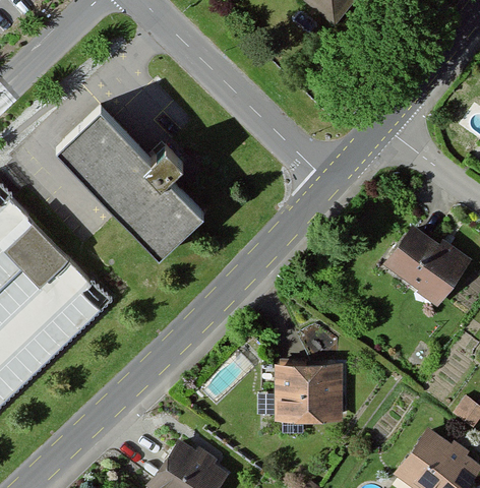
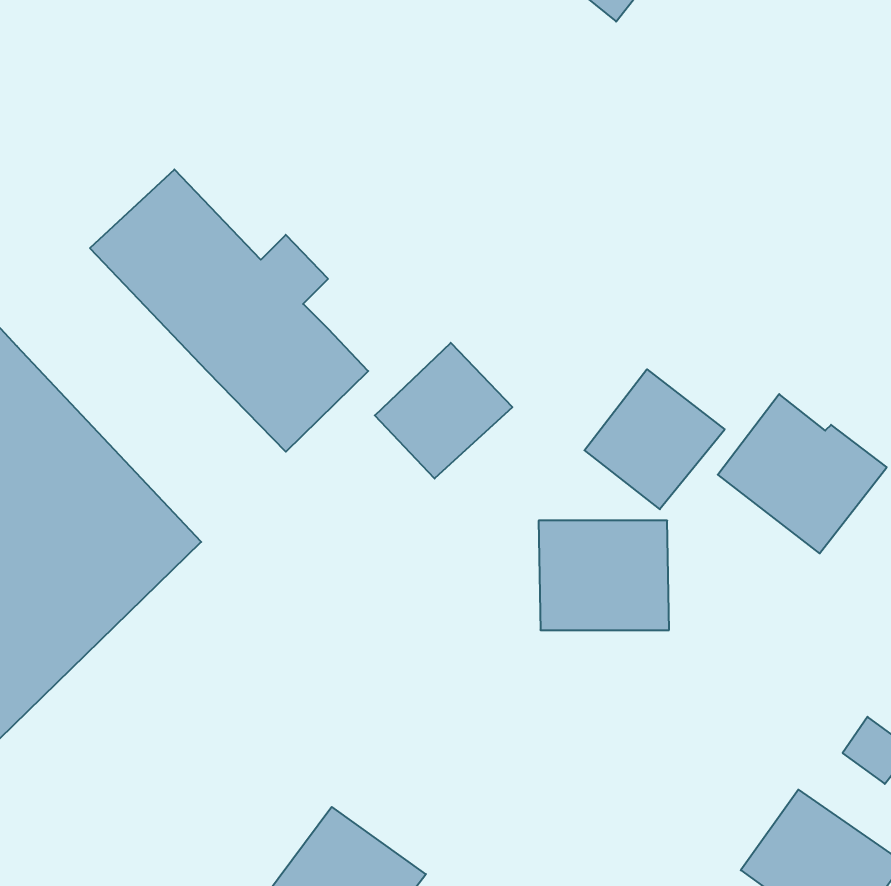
building: none -> [375,343,512,479]
building: none -> [584,369,725,509]
building: [275,364,344,422] -> [539,521,669,630]

